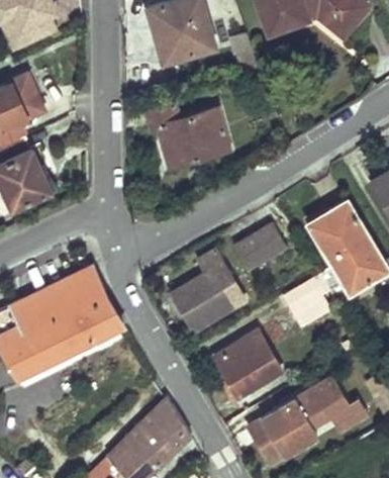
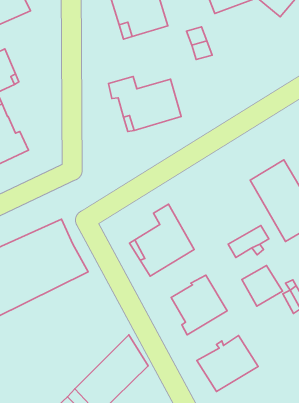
building: [232,223,286,271] -> none
building: [311,374,358,420] -> [242,265,283,306]

